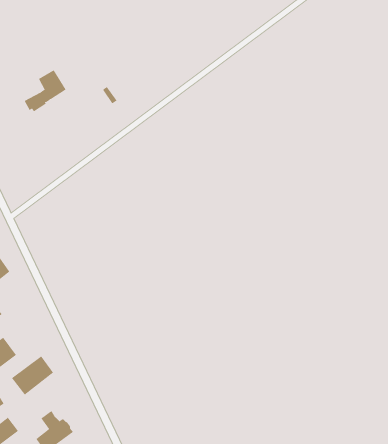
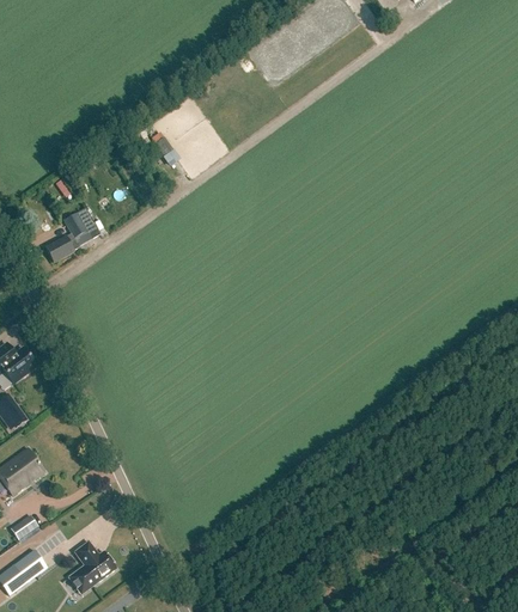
building: [24,69,67,112] -> [44,207,98,261]
building: [11,356,54,395] -> none

